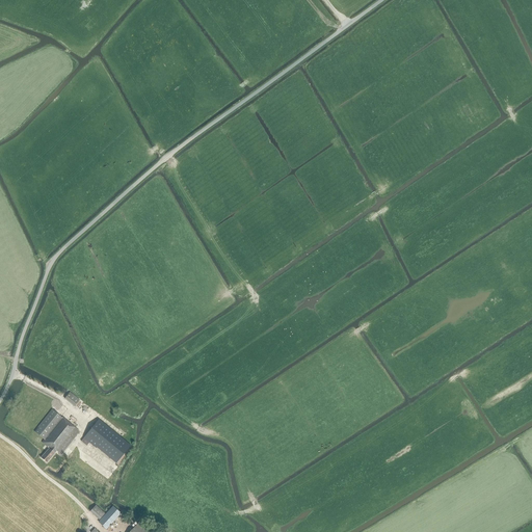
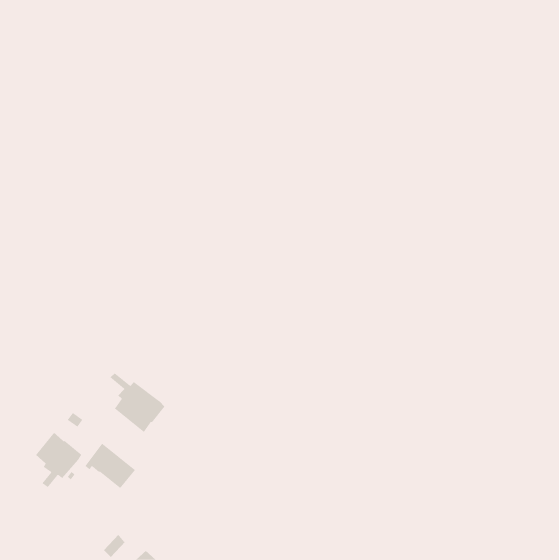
building: none -> [110,373,165,433]

